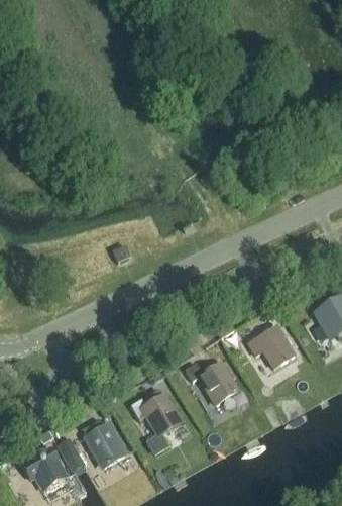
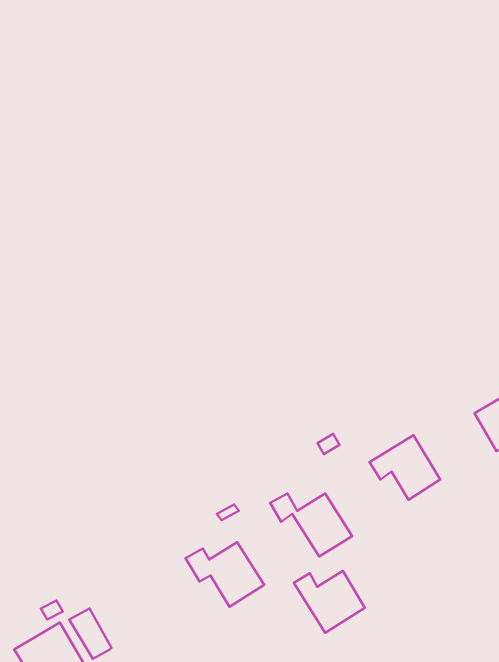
building: none -> [294,571,365,633]
building: [83,425,125,468] -> none

